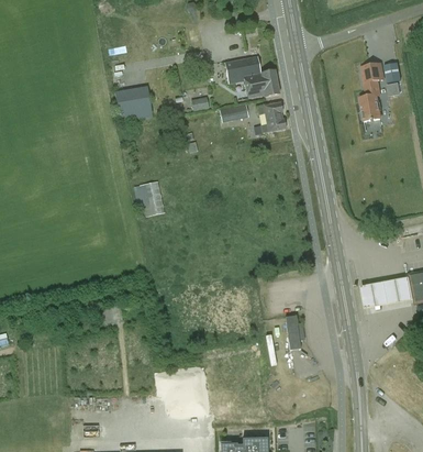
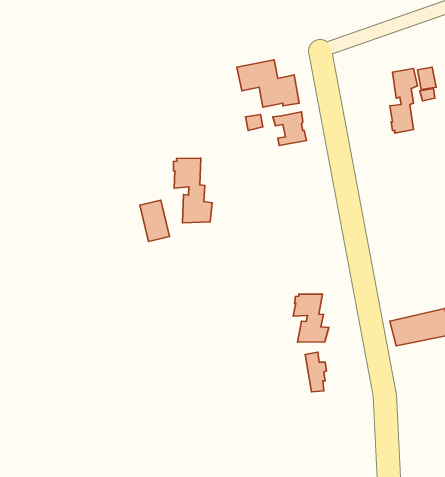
building: [114,85,152,122] -> none
building: none -> [173,158,212,223]
building: none -> [293,294,329,342]

